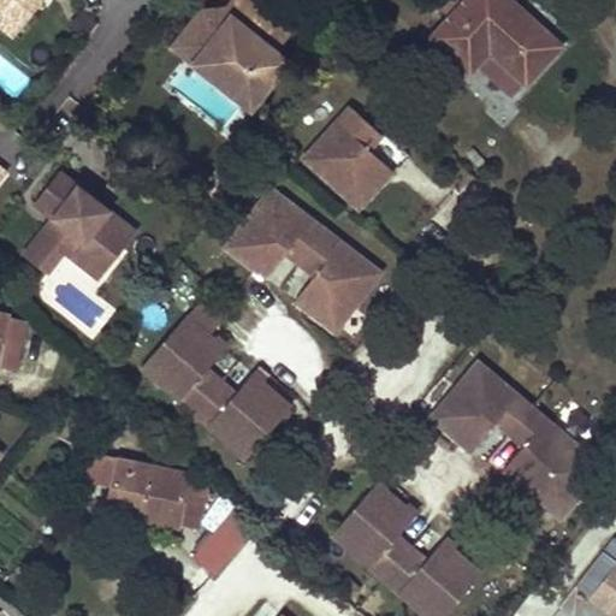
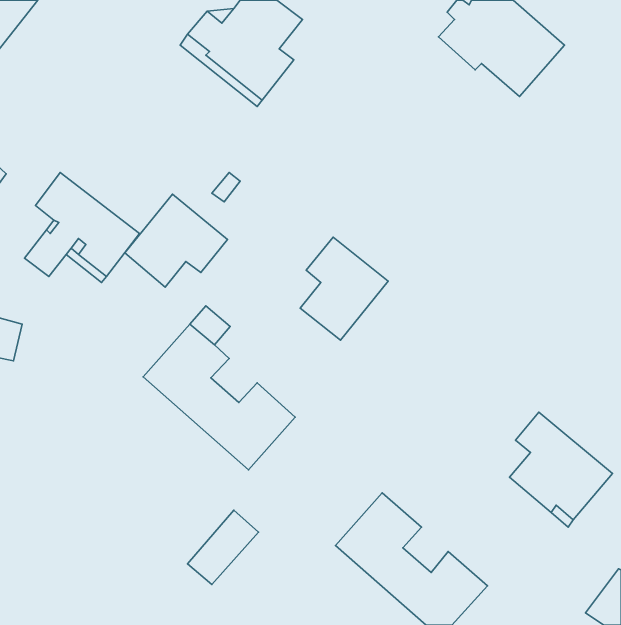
building: [306,103,396,207] -> none
building: [226,189,327,280] -> [125,194,228,287]
building: [428,361,529,451] -> none
building: [103,458,202,526] -> none

